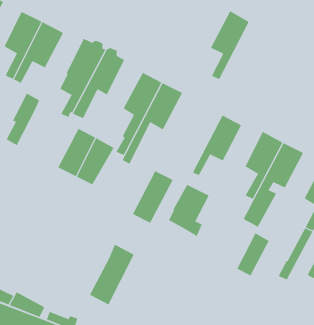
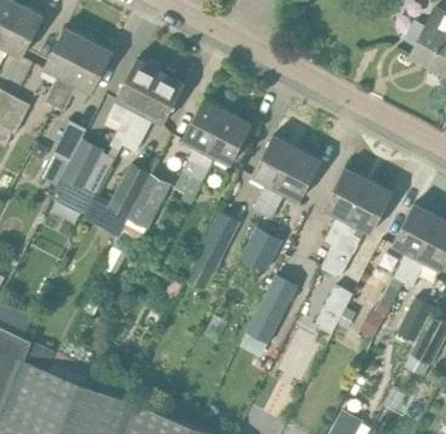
building: [210,11,249,80] -> [251,135,297,215]
building: none -> [53,139,103,214]
building: [89,244,135,305] -> [245,274,298,345]

